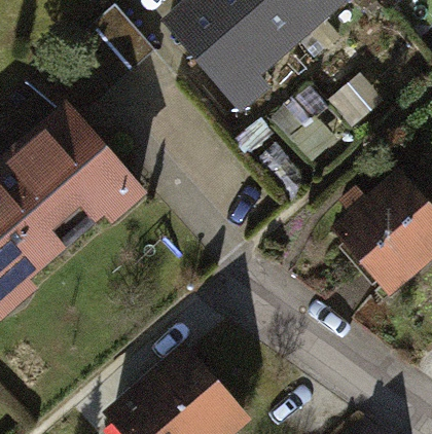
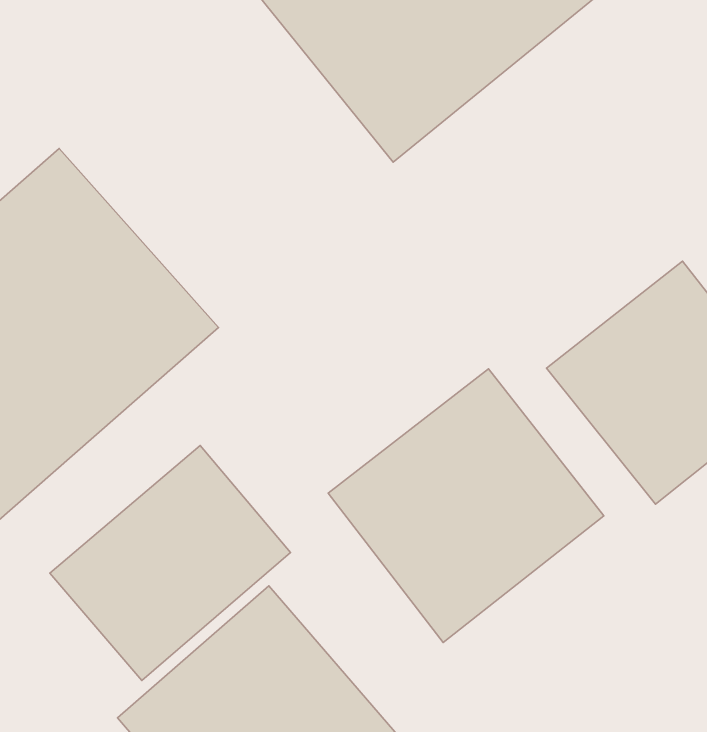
building: none -> [328,369,604,642]
building: none -> [50,445,290,680]

